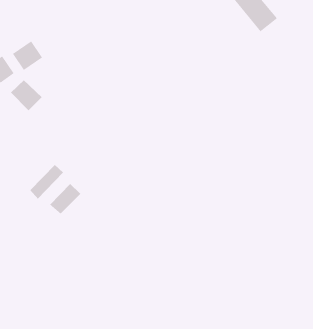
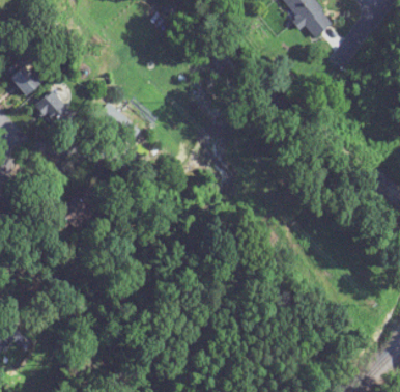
building: [12,40,43,71] -> none
building: [49,183,81,215] -> none

